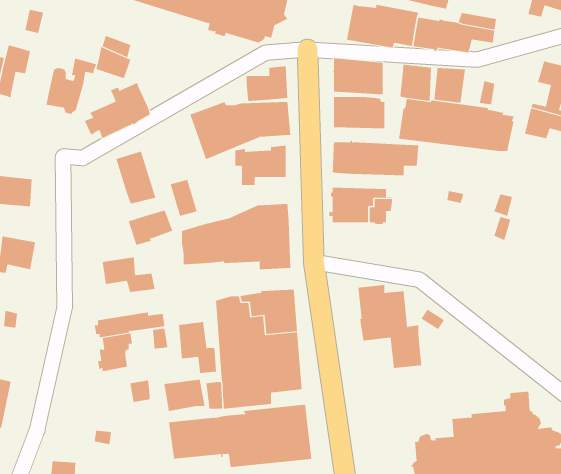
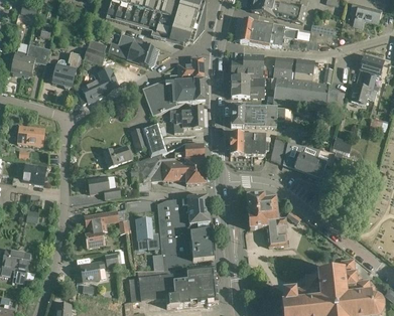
building: none -> [118,34,158,66]
building: [116,151,156,204] -> [141,123,166,156]
building: none -> [271,134,326,177]
building: [163,379,205,412] -> [80,261,106,281]

